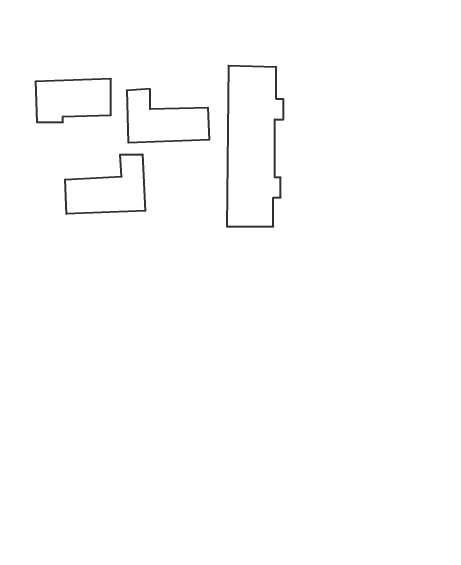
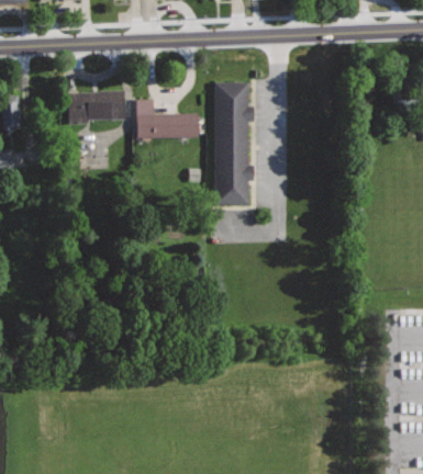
building: [65,154,145,214] -> none

